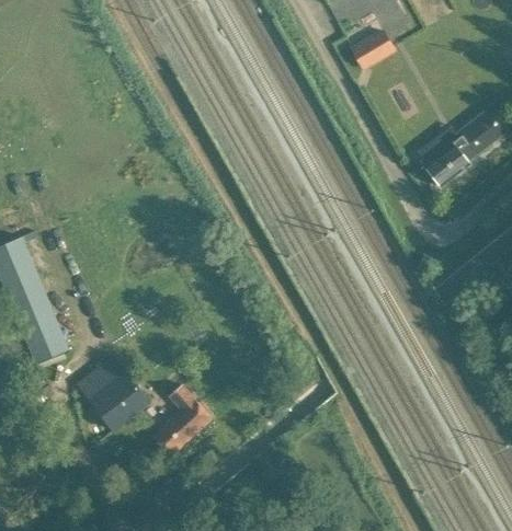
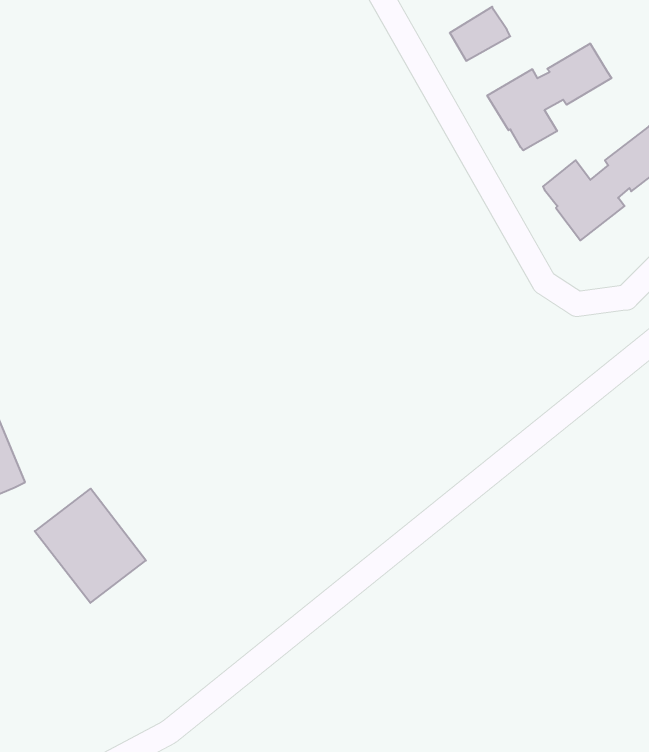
building: none -> [487,43,611,150]
building: [152,384,213,457] -> none

